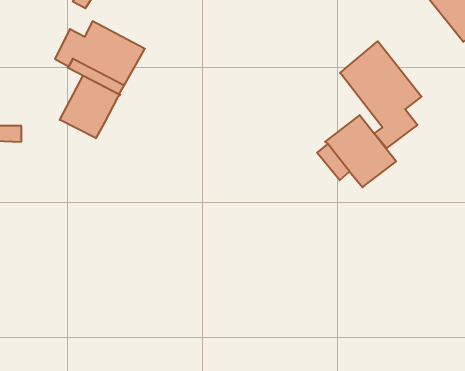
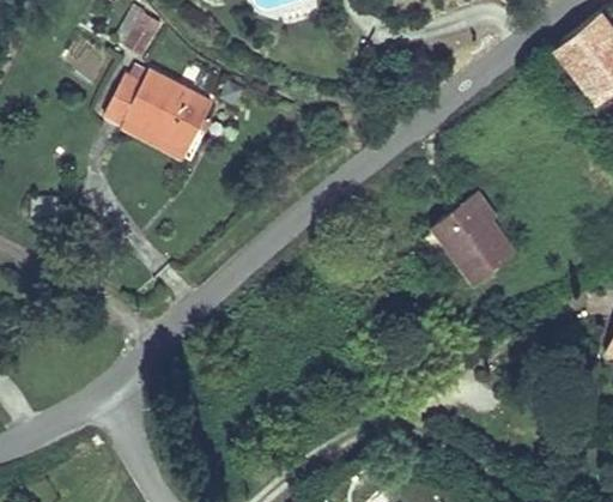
building: [340,41,422,148] -> none
building: [60,76,120,138] -> none

